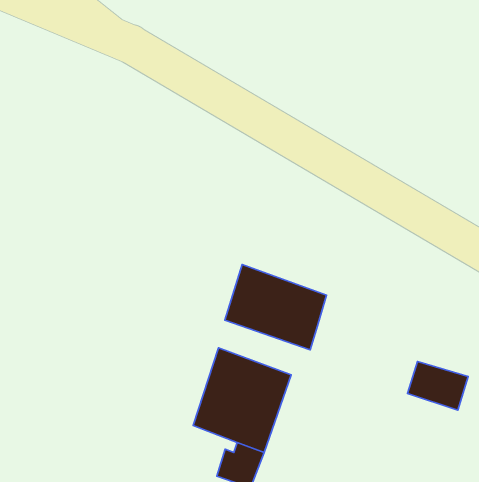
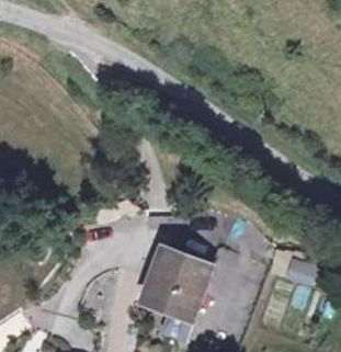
building: [225,264,327,350] -> none

